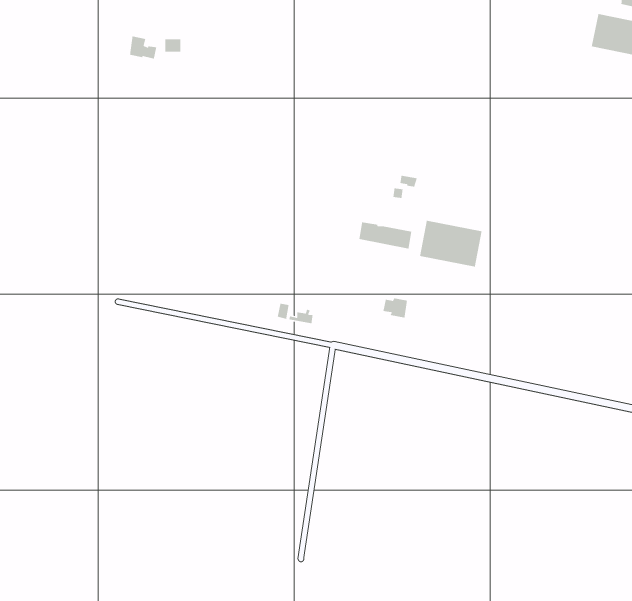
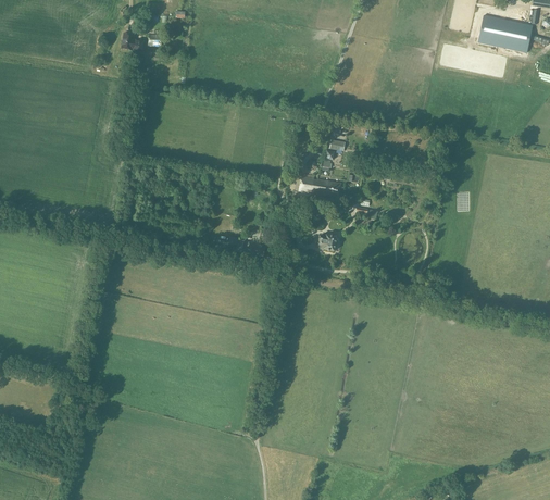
building: [419,220,483,268] -> none

